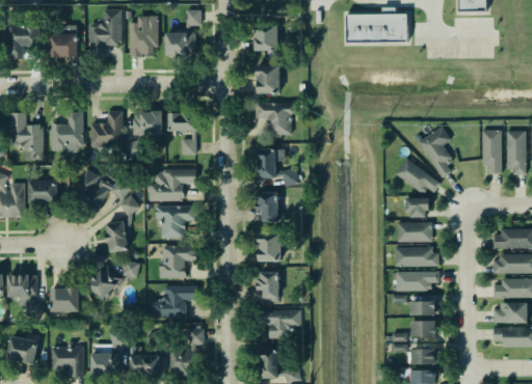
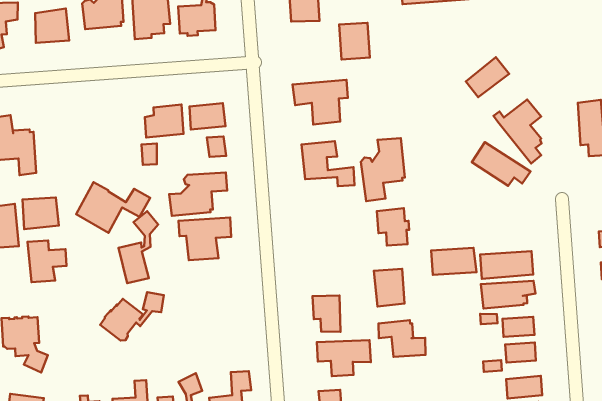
building: [257,65,280,93] -> [339,23,370,59]
building: none -> [466,57,509,97]
building: [89,111,123,147] -> none
building: [52,113,83,153] -> none
building: none -> [361,138,405,201]
building: [256,192,281,221] -> [377,208,409,245]
building: [405,198,429,218] -> none
building: none -> [27,240,67,282]
building: [398,223,433,243] -> [431,248,476,275]
building: [258,232,281,262] -> [374,269,404,307]
building: [157,246,195,279] -> none
building: [150,286,196,318] -> none
building: [52,289,80,313] -> none
building: none -> [379,320,426,357]

